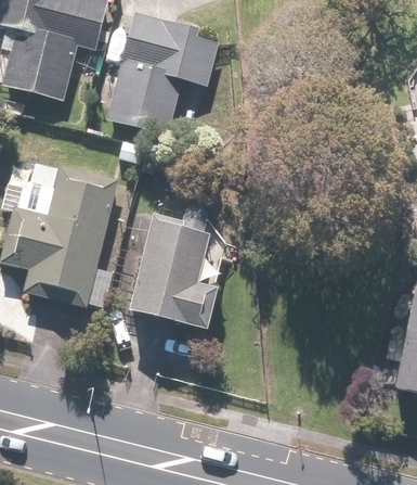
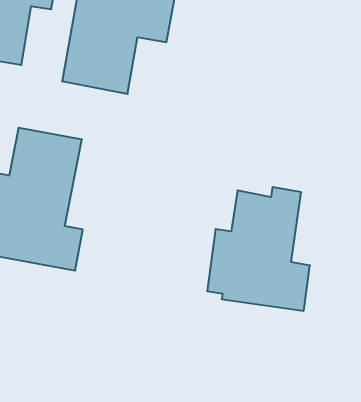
building: [109,210,212,334] -> [207,187,310,311]

